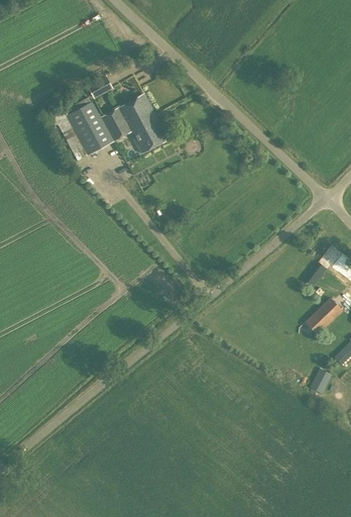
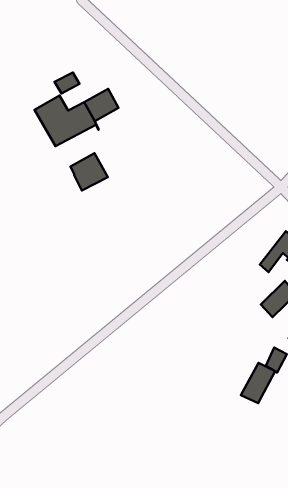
building: [128,114,167,153] -> [70,153,108,190]
building: none -> [241,363,275,403]

